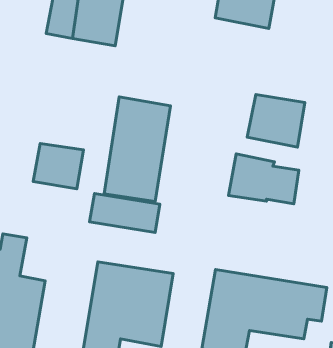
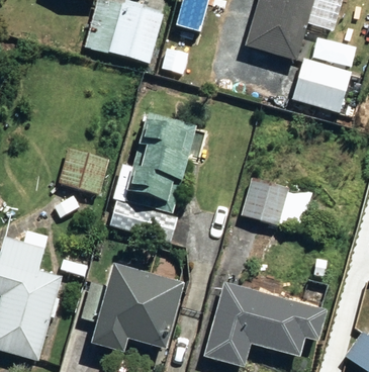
building: [247,95,305,147] -> [293,58,351,111]

